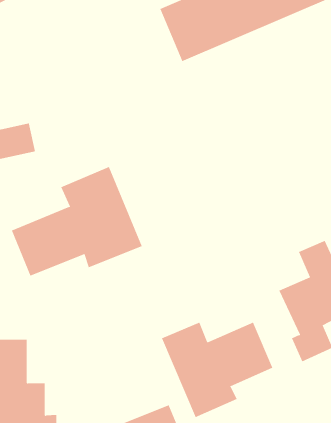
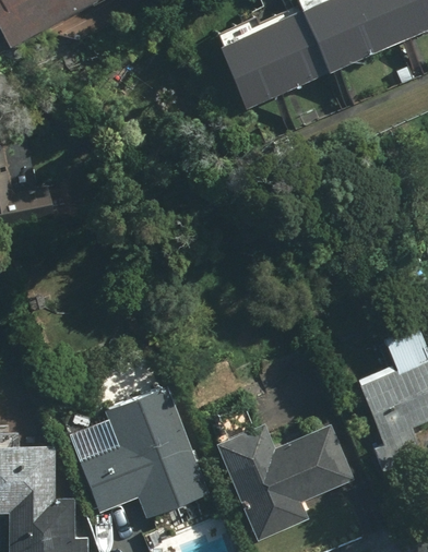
building: [11,166,143,276] -> none
building: none -> [79,386,210,517]

